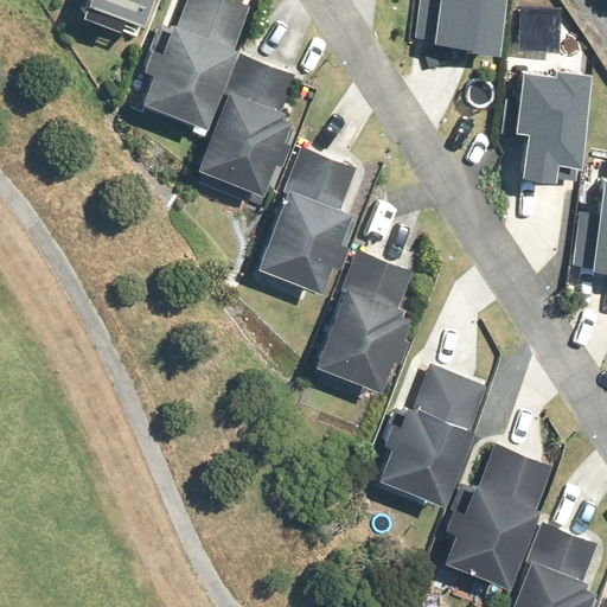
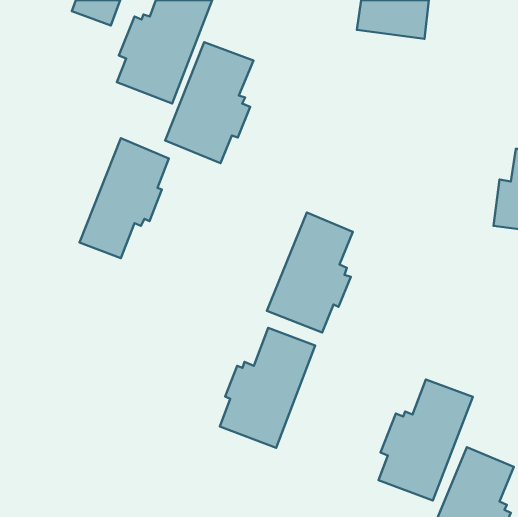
building: [505,71,590,181] -> none
building: [257,151,360,294] -> none
building: none -> [79,138,169,258]
building: [378,368,488,506] -> [220,328,315,448]

